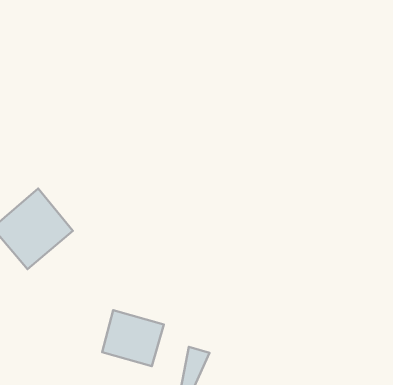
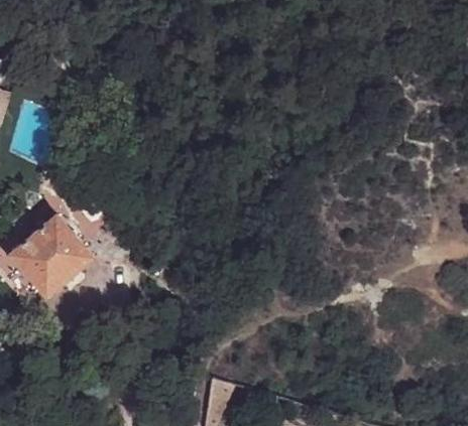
building: [102,310,164,366] -> none

